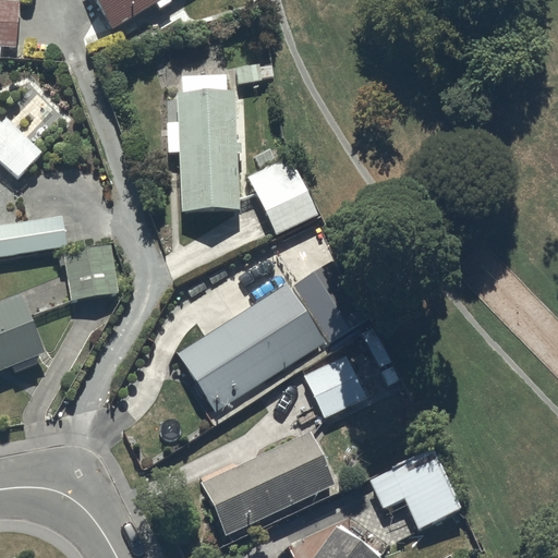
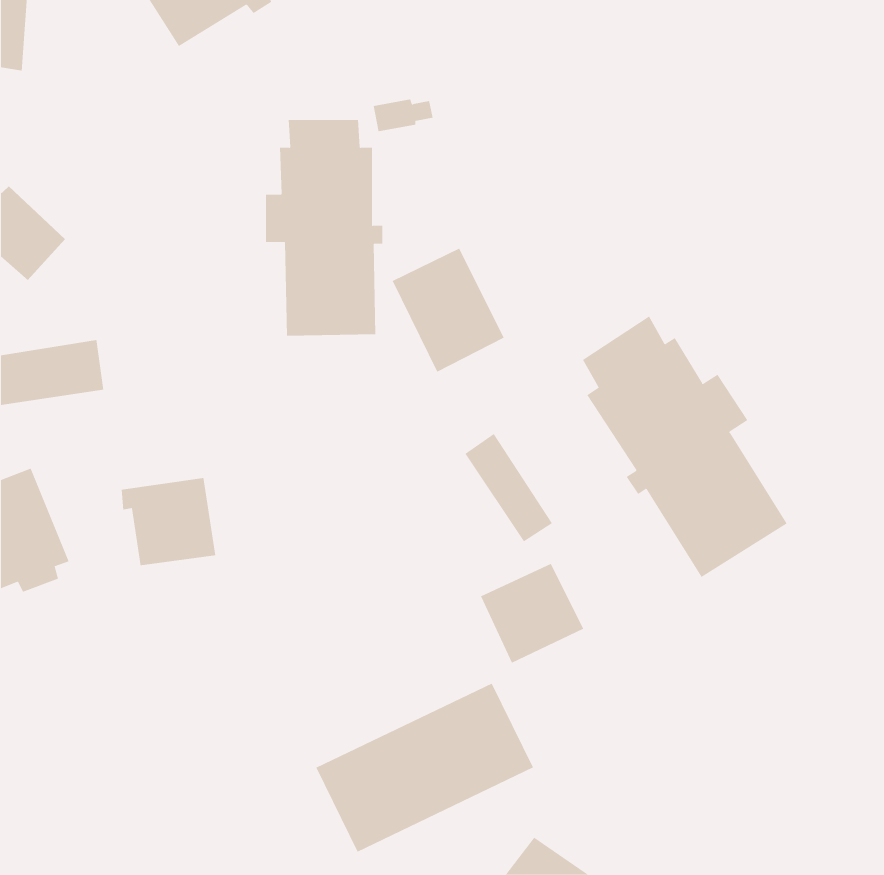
building: none -> [582,316,788,578]
building: [59,244,119,300] -> [121,477,216,566]
building: [177,286,325,415] -> none
building: [369,447,461,530] -> none

